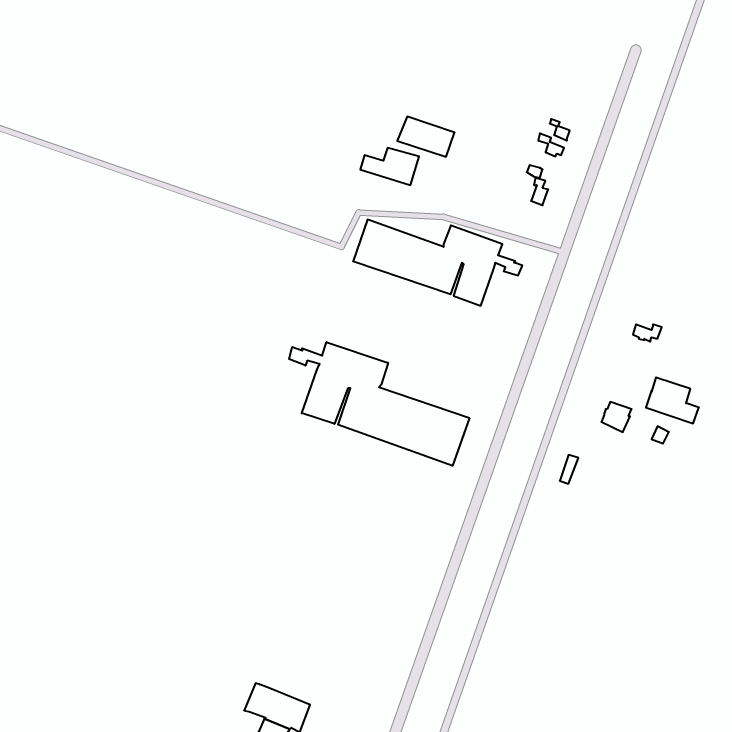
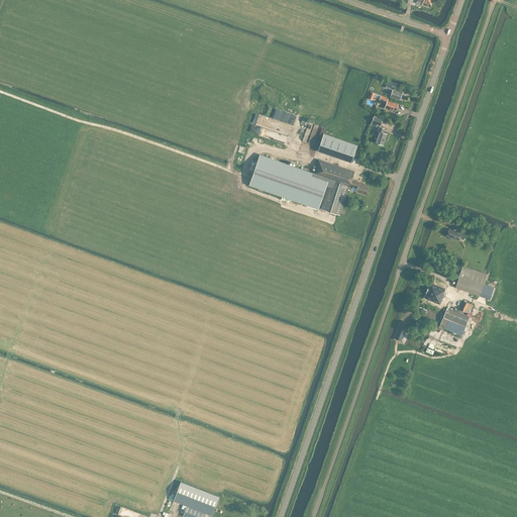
building: [397,117,455,157] -> [316,134,356,163]
building: [289,342,469,466] -> none
building: none -> [438,308,469,336]

